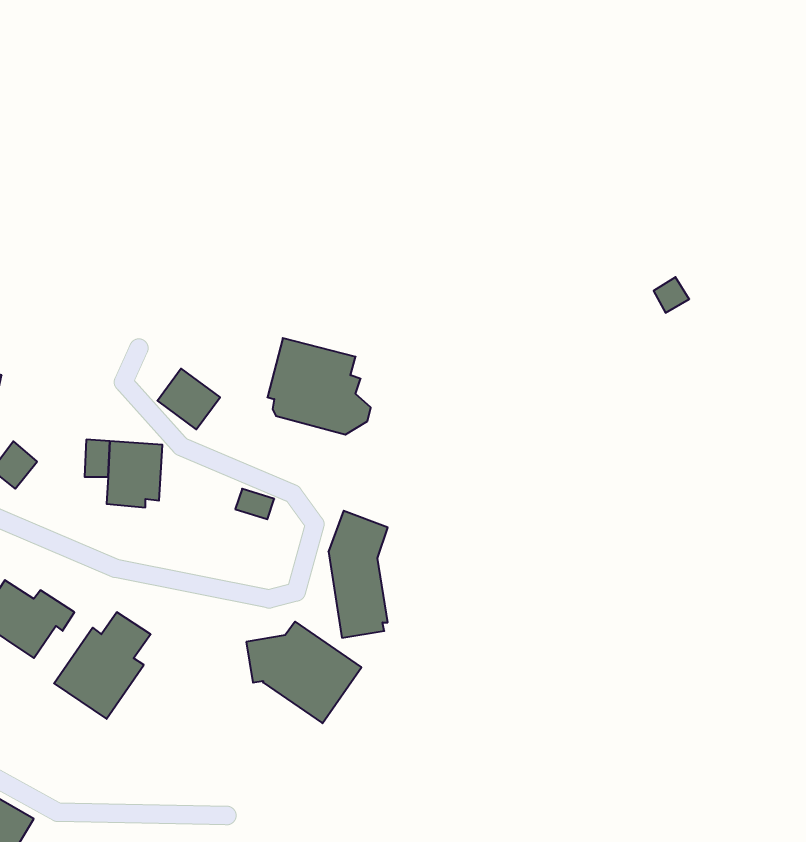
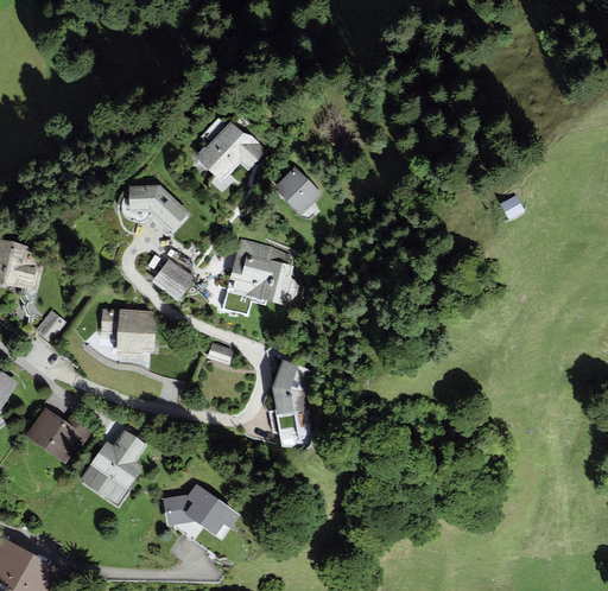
building: none -> [196,121,266,182]
building: none -> [272,166,321,218]
building: none -> [128,185,189,231]
building: [246,622,361,723] -> [160,484,241,555]

